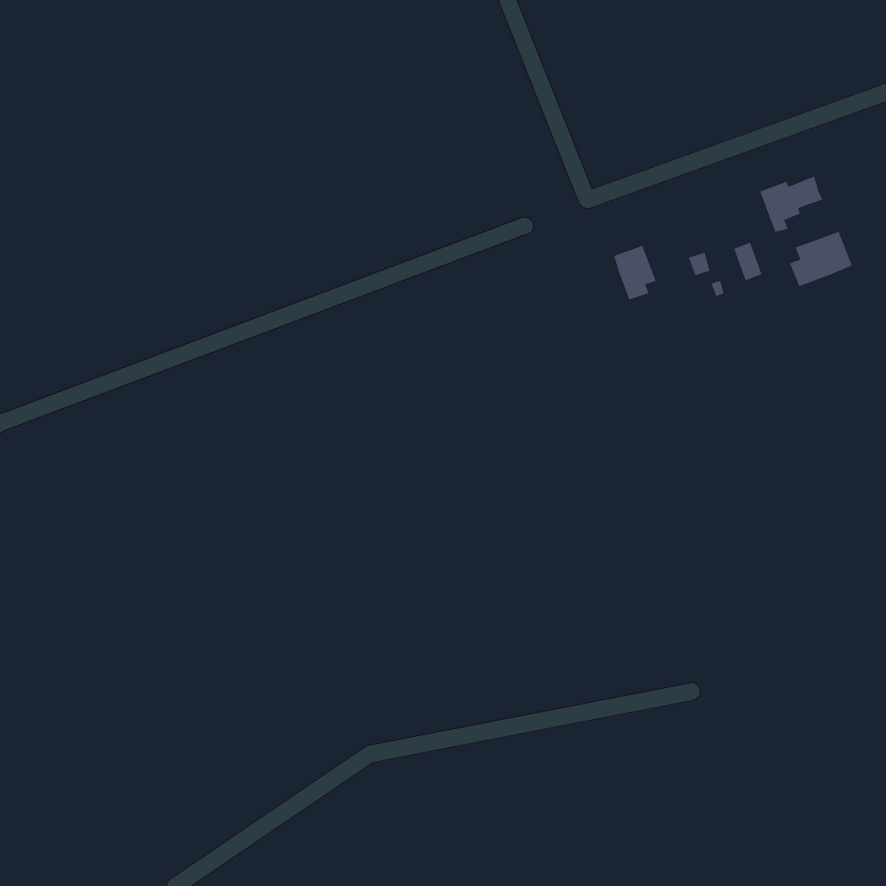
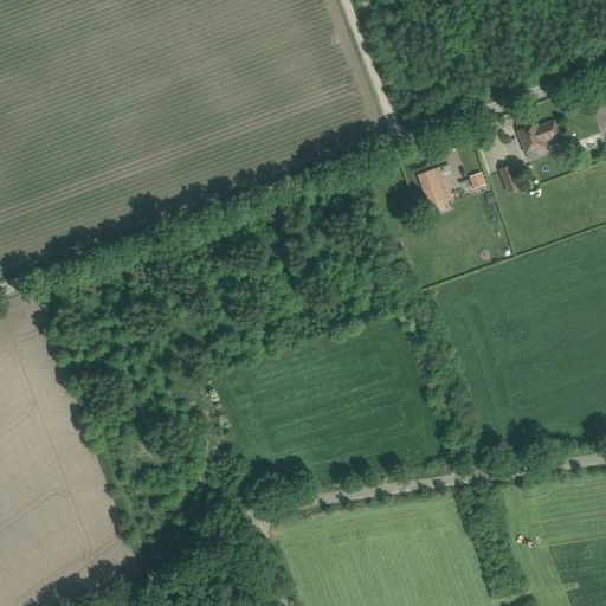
building: [789,231,853,287] -> none

